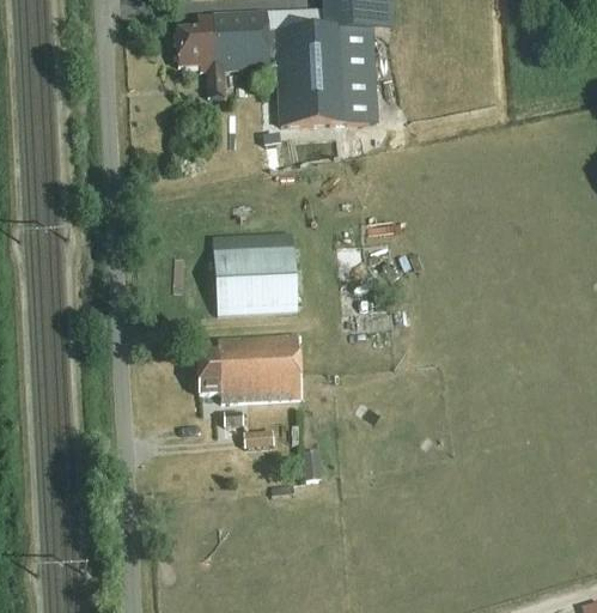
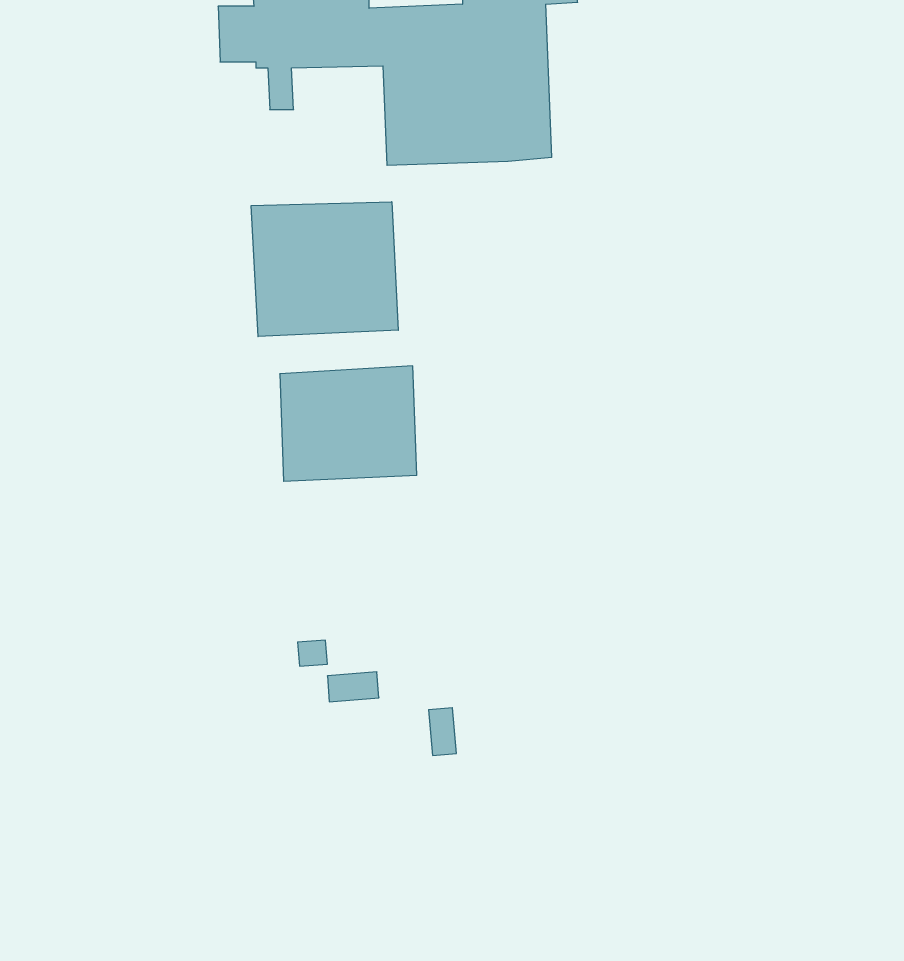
building: none -> [251,202,398,337]
building: [196,332,303,405] -> none

